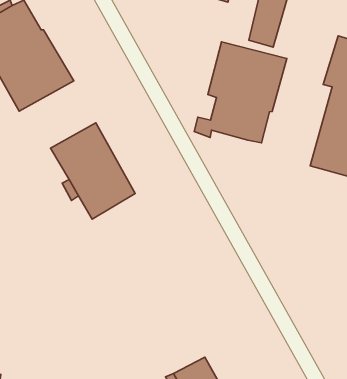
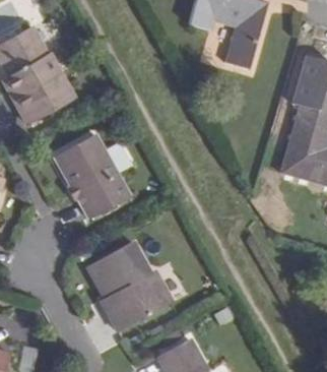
building: [194,42,287,143] -> none
building: none -> [86,241,172,332]

